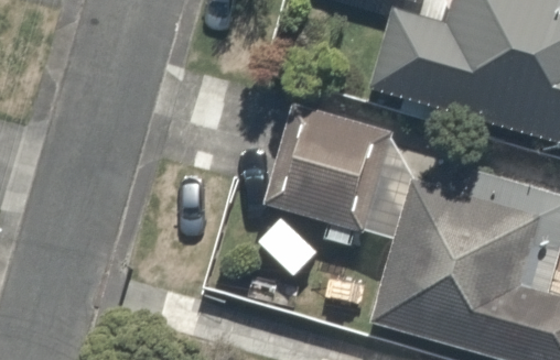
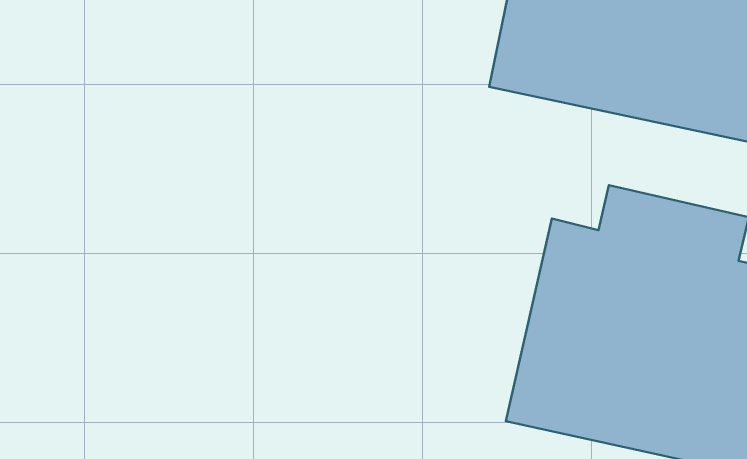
building: [263,105,386,233] -> none

